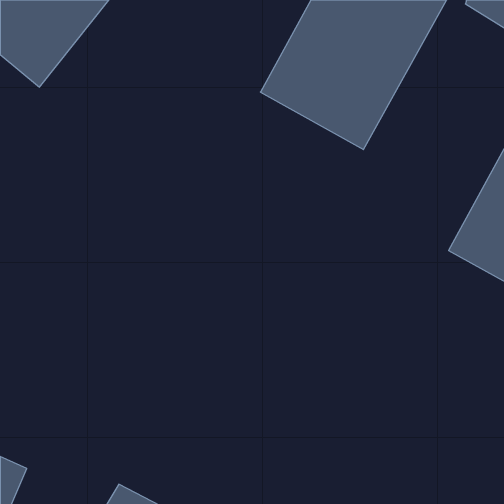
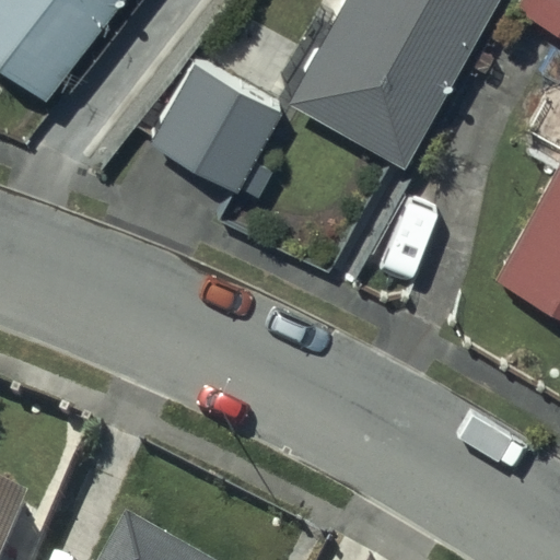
building: none -> [151,63,279,189]

